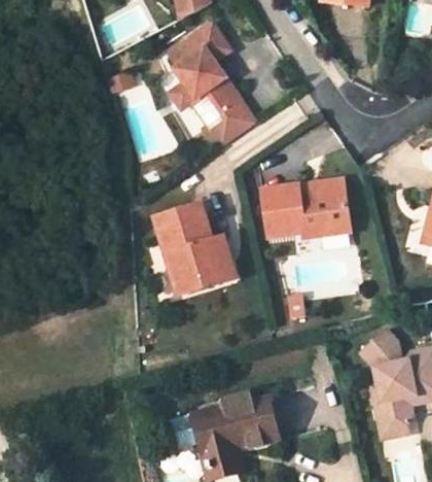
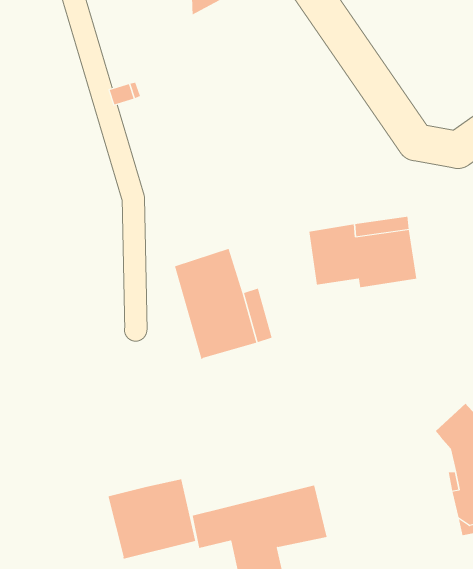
building: [166,19,255,145] -> none
building: none -> [108,479,196,560]

